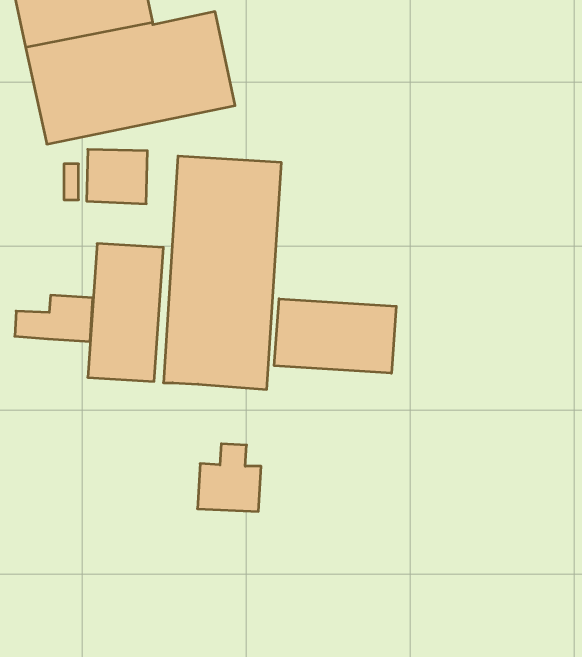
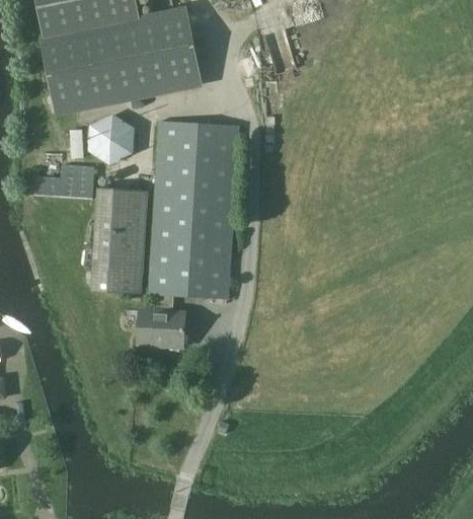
building: [15,295,93,342] -> [33,164,93,200]
building: [274,299,396,373] -> none
building: [197,444,261,511] -> [136,295,184,347]

